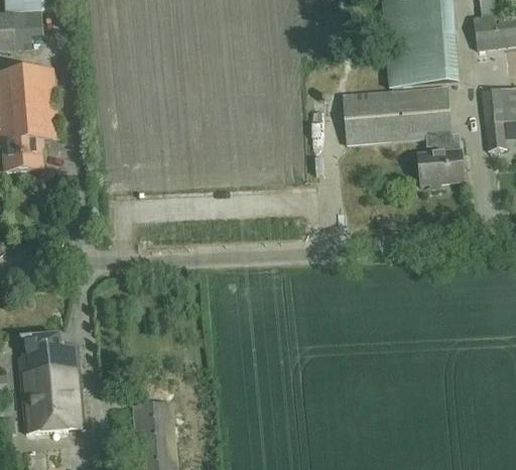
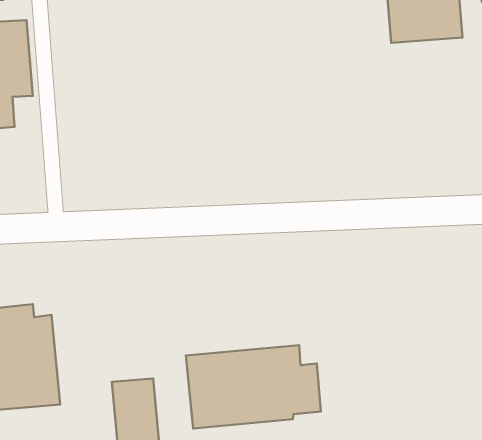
building: [342,87,463,184] -> none
building: none -> [186,345,321,428]

